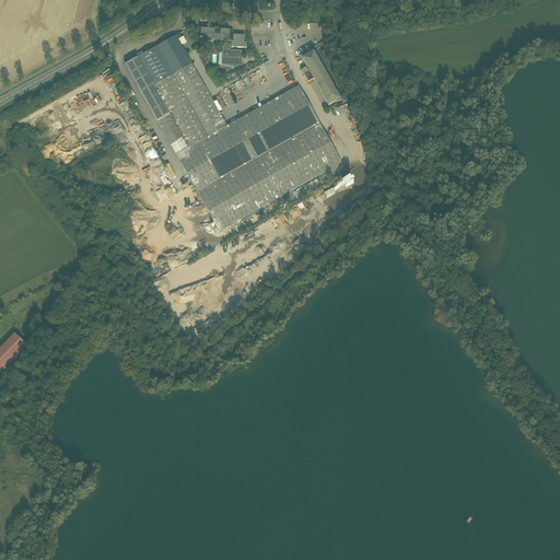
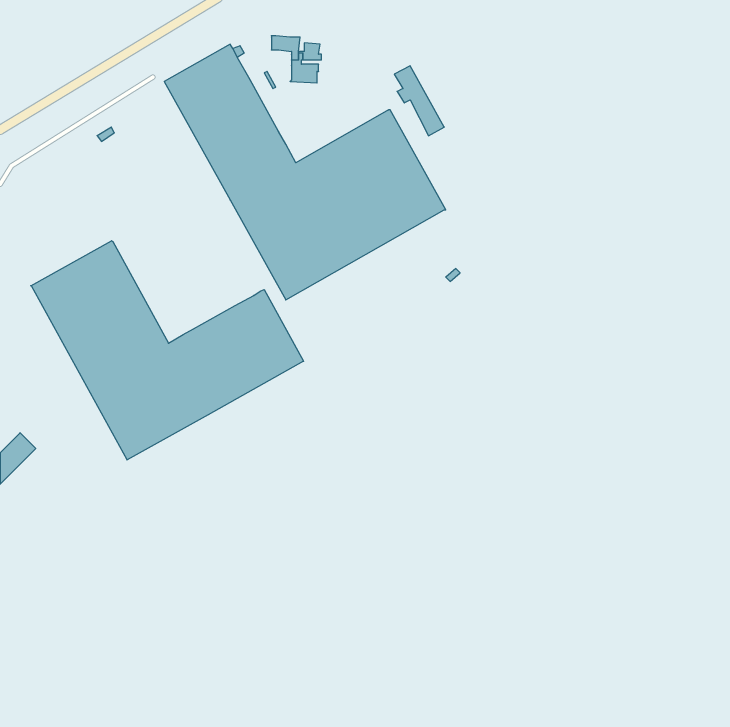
building: none -> [31,241,304,460]

